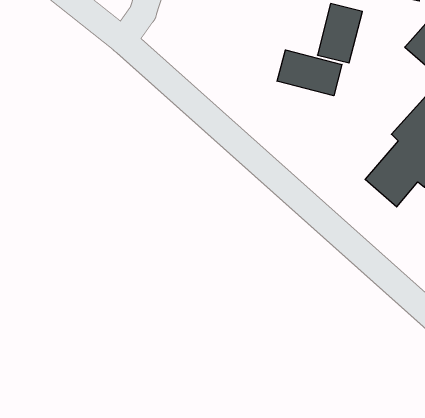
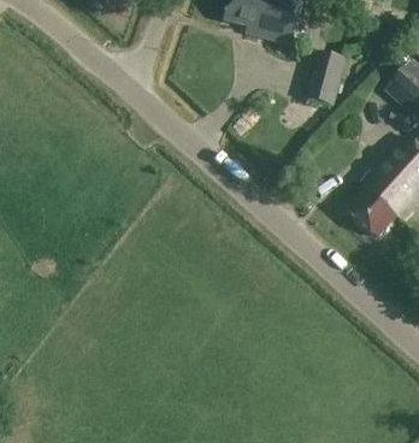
building: [277,50,342,96] -> none

